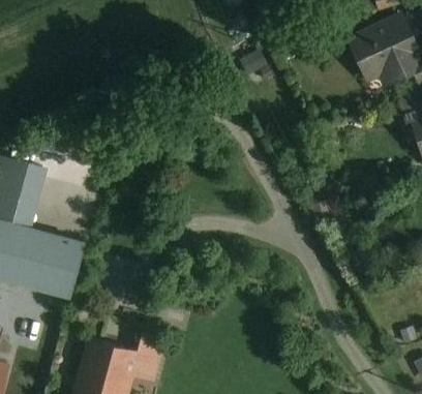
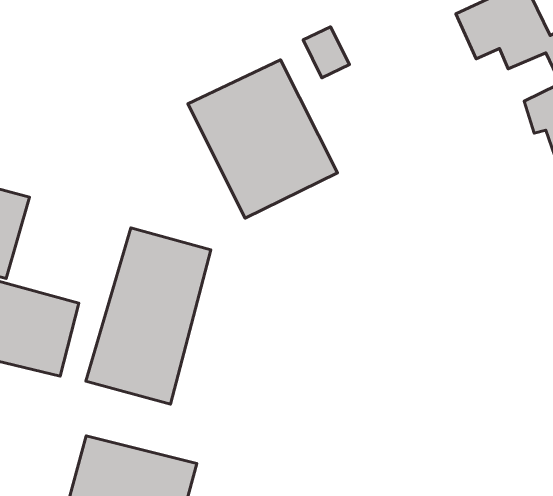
building: none -> [188,60,337,218]
building: none -> [86,228,211,404]

